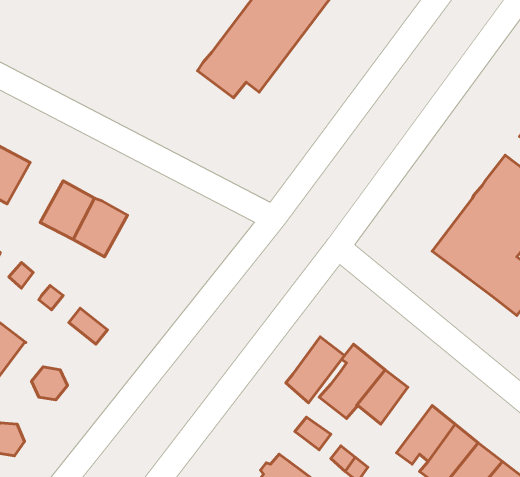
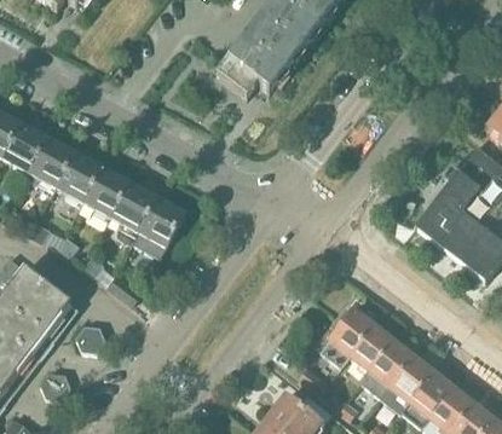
building: none -> [54,151,102,202]
building: none -> [131,196,184,256]
building: [286,337,344,403] -> [364,341,414,397]

